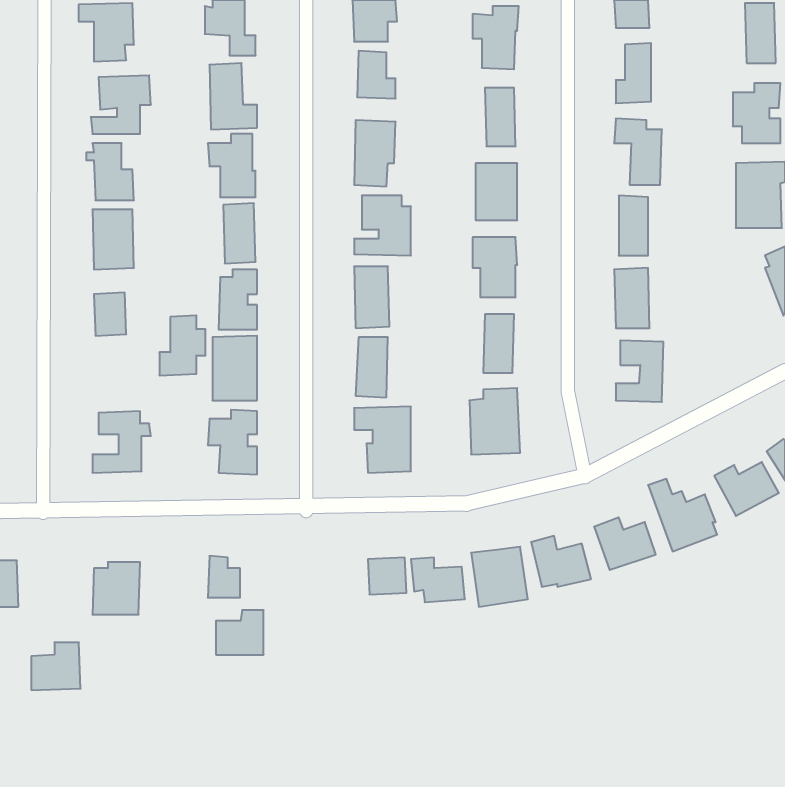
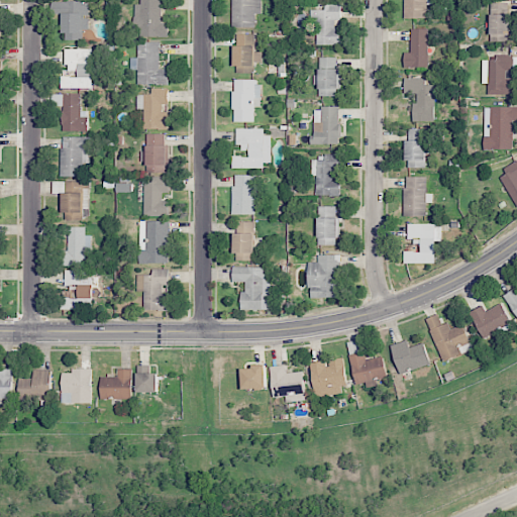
building: [159,315,206,375] -> [61,226,91,266]
building: [216,610,264,655] -> [100,370,131,399]
building: [31,642,81,690] -> [18,370,50,401]

